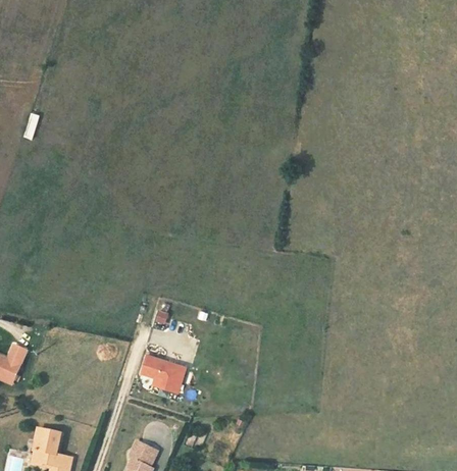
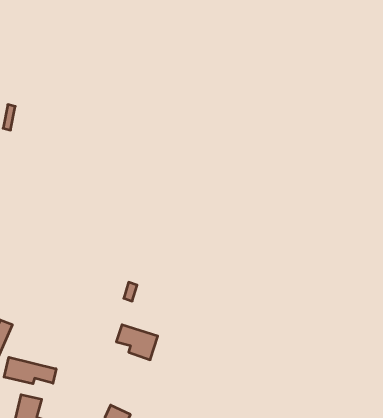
building: none -> [4,357,56,384]

